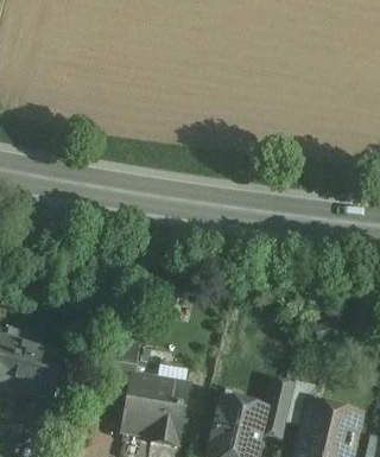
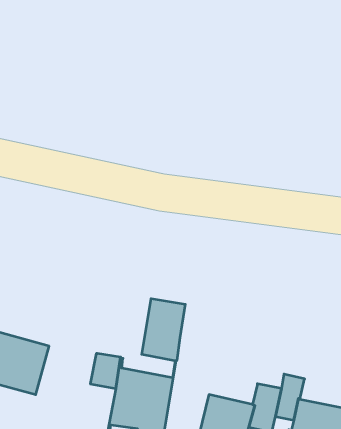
building: none -> [142,299,185,361]

